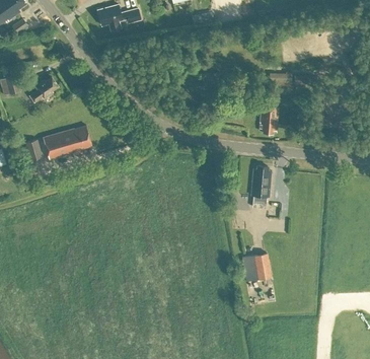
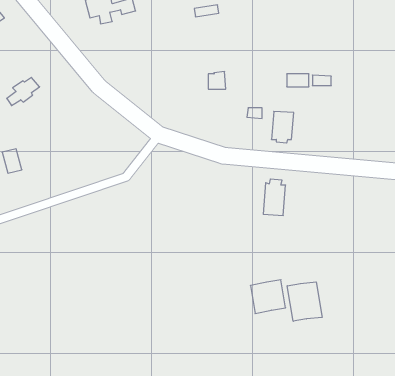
building: [43,126,91,159] -> none
building: none -> [287,282,322,321]

